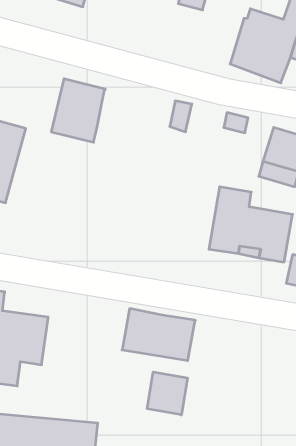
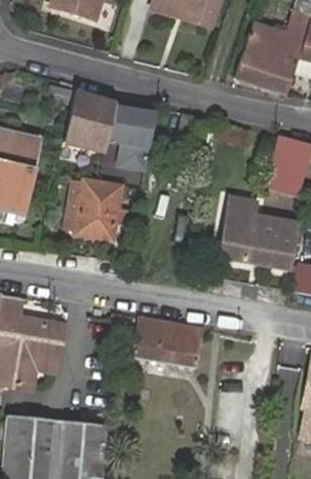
building: none -> [108,104,156,169]
building: none -> [66,179,134,237]
building: [147,372,187,415] -> none

